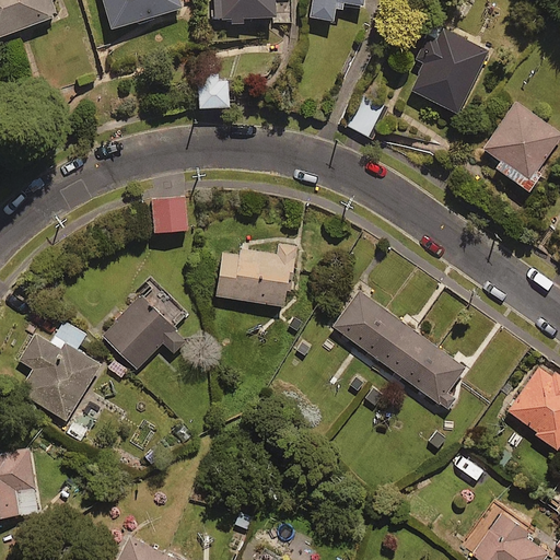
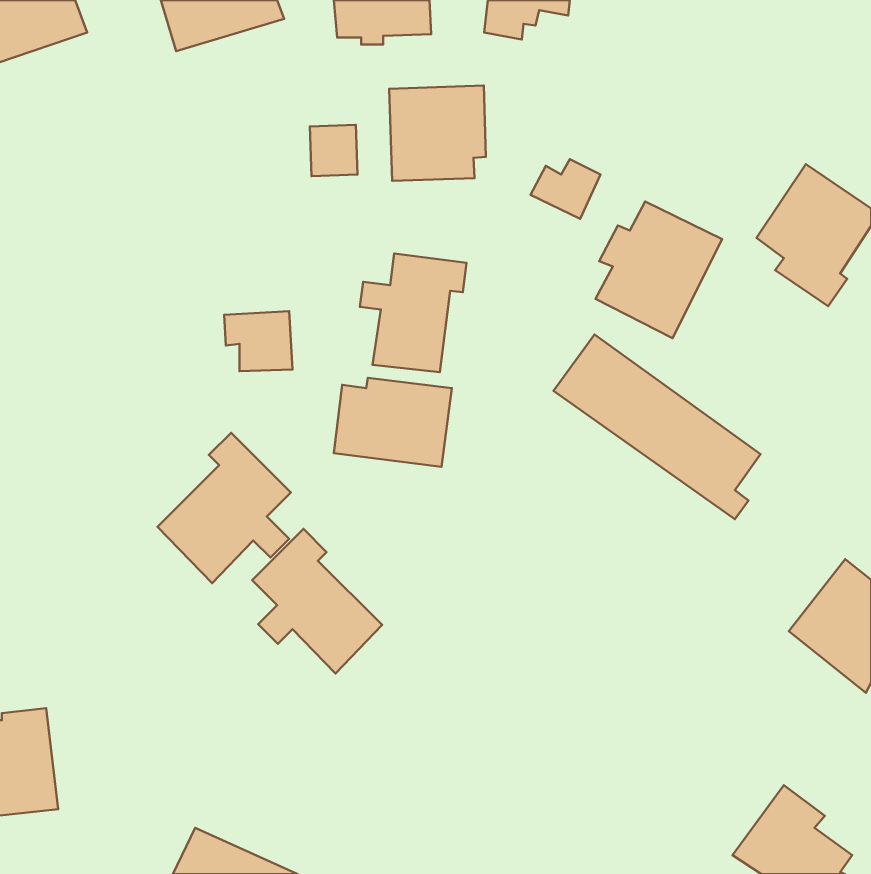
building: [408,31,489,118] -> [596,201,722,338]
building: none -> [389,85,486,181]
building: none -> [360,254,466,372]
building: [329,285,462,404] -> [553,334,761,519]
building: [19,323,100,423] -> none
building: none -> [252,529,382,673]

